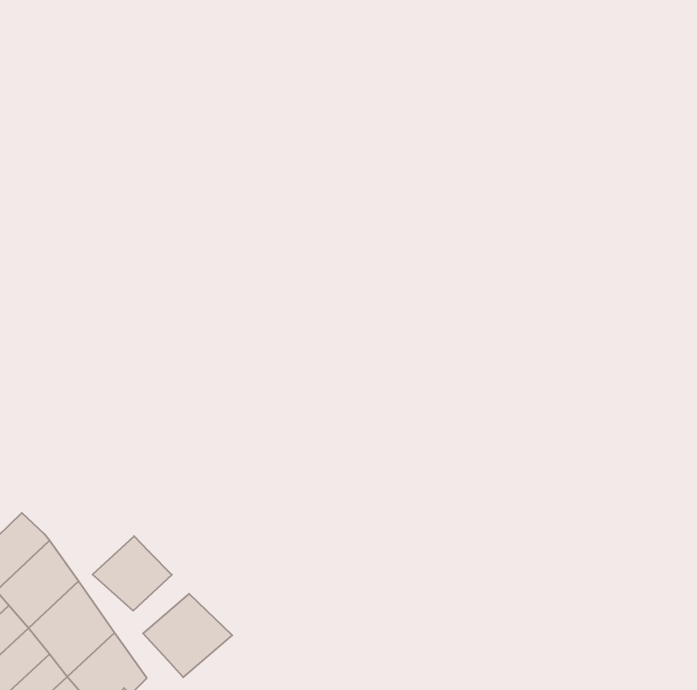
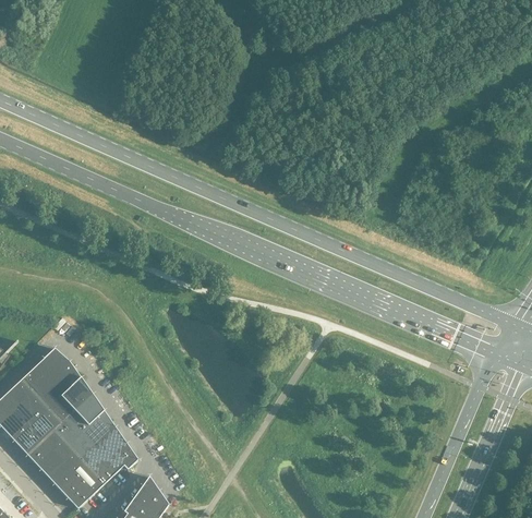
building: [93,536,172,611] -> none
building: [143,594,232,677] -> none

